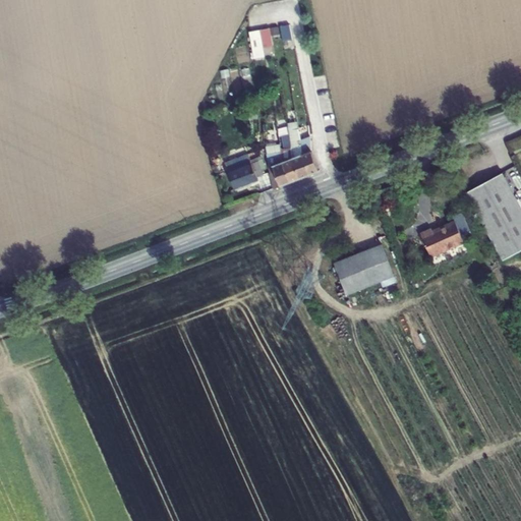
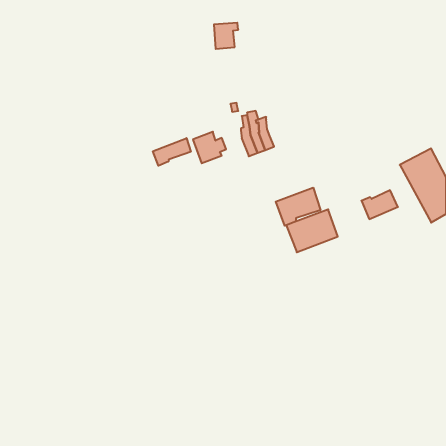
building: [267,152,290,188] -> none
building: none -> [153,138,191,166]
building: none -> [276,188,320,226]

